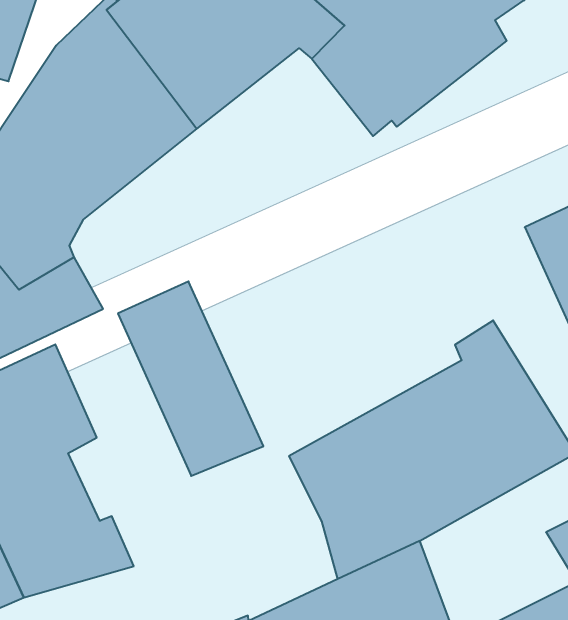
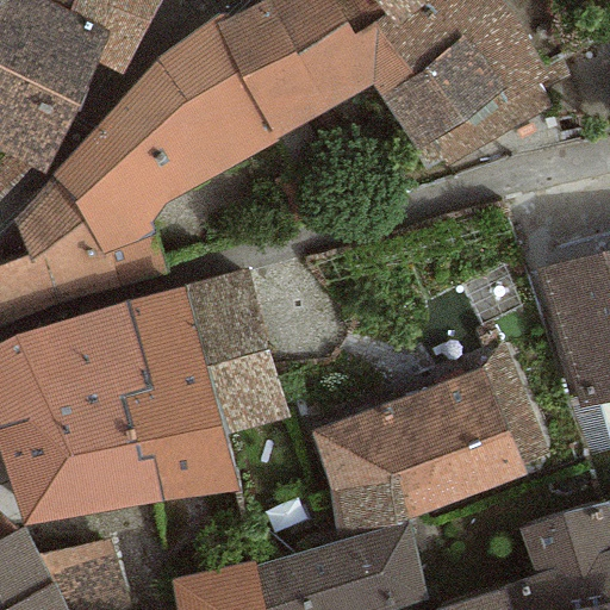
building: none -> [120,287,236,504]

